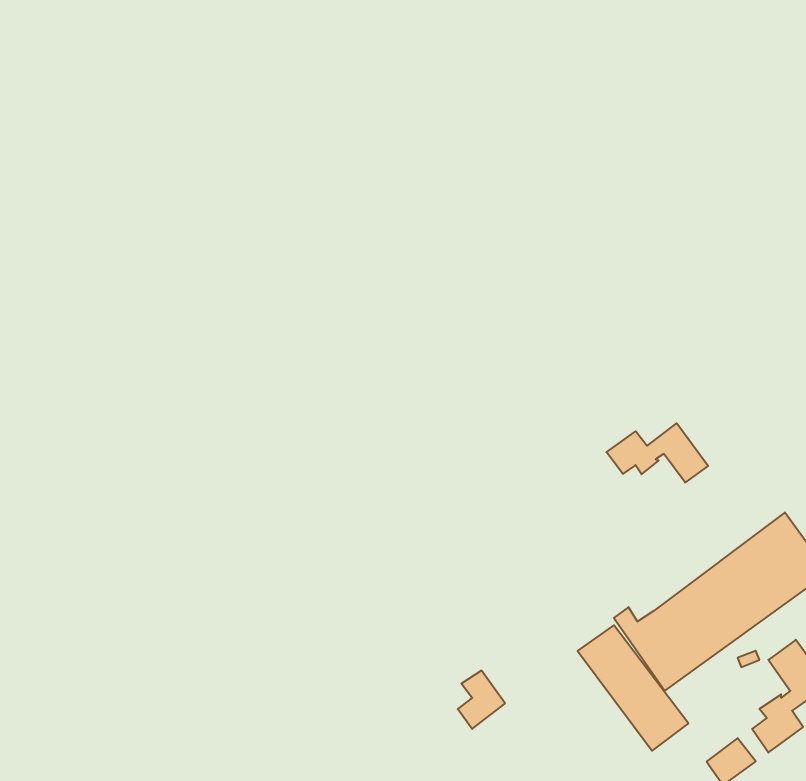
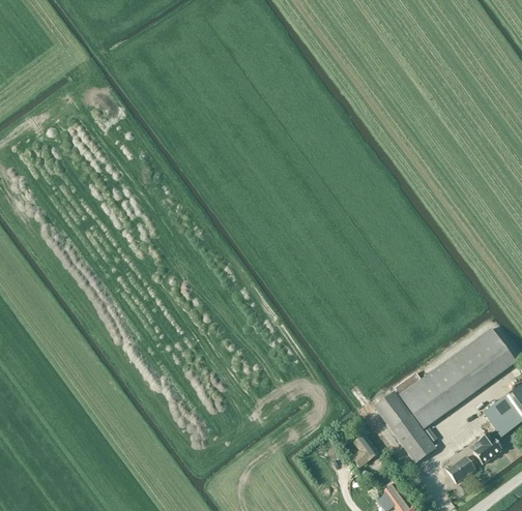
building: [606,423,708,483] -> none
building: [458,671,505,729] -> [351,433,378,467]

